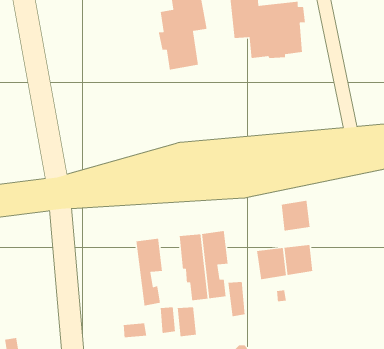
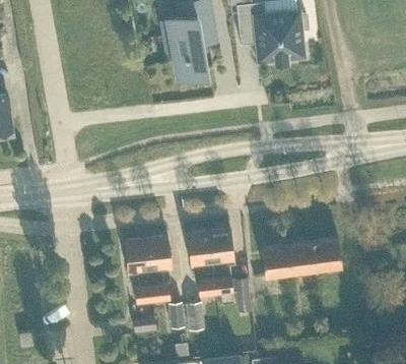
building: [281,200,310,232] -> [313,239,341,269]
building: none -> [124,240,153,305]

